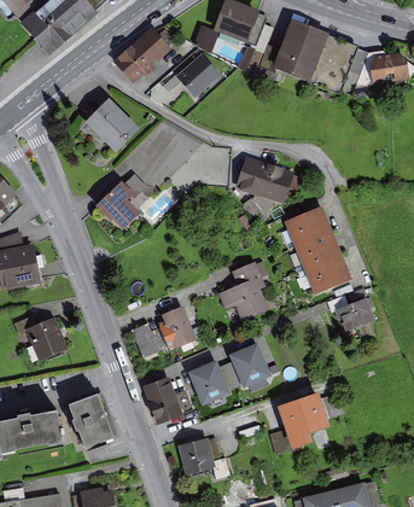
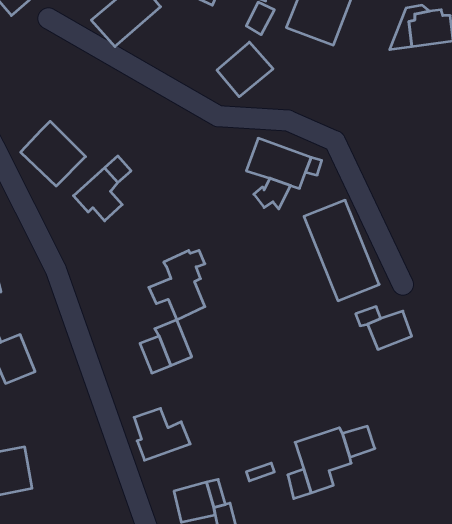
building: [175,52,221,97] -> [217,42,273,97]
building: [83,98,136,151] -> [21,121,86,186]
building: [221,261,267,317] -> [149,250,205,320]
building: [132,320,162,356] -> none
building: [229,343,269,385] -> none
building: [188,360,228,402] -> none
building: [68,392,112,445] -> none

